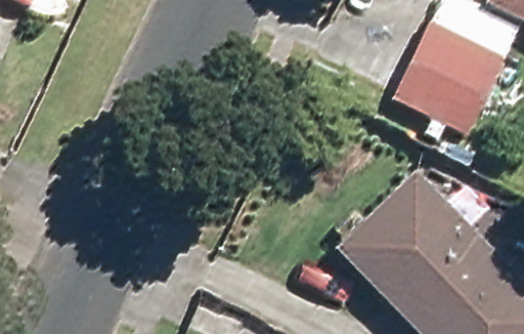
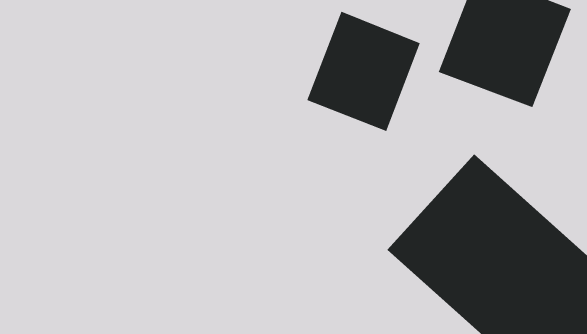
building: none -> [306,11,420,132]

